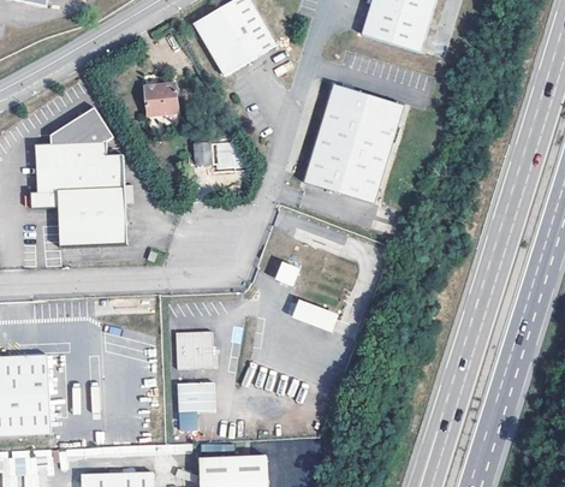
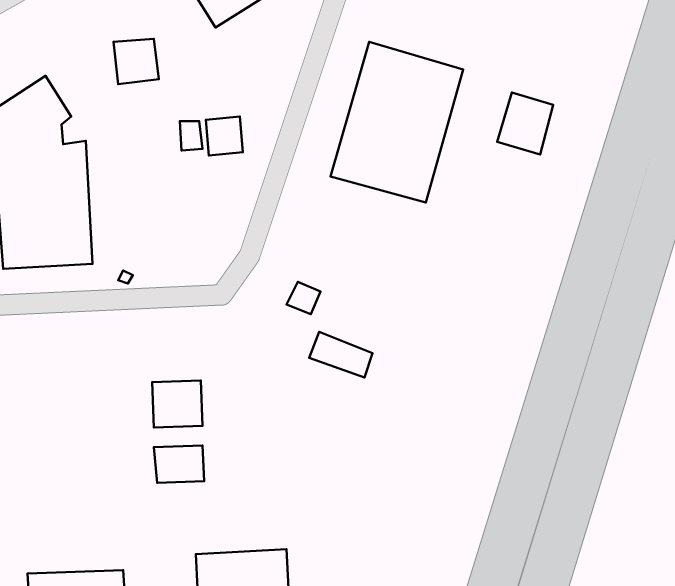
building: none -> [497,92,553,154]

